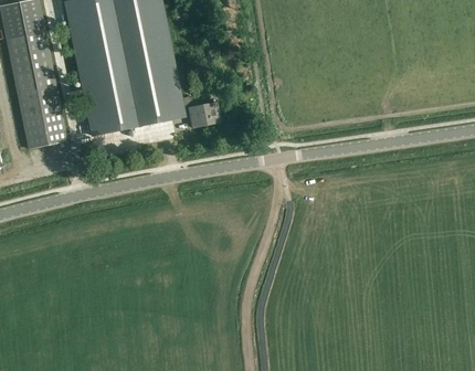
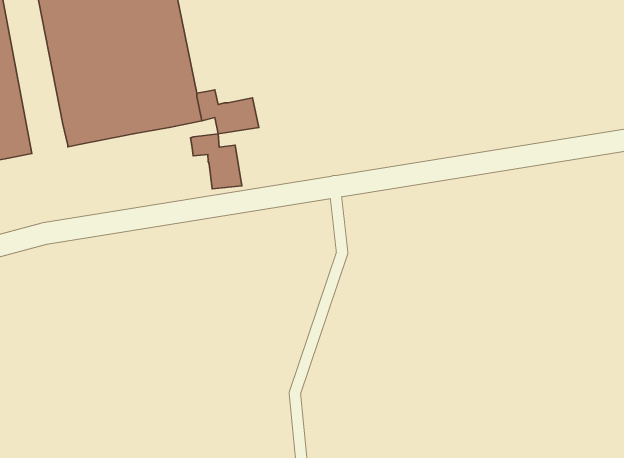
building: none -> [191,134,242,189]

